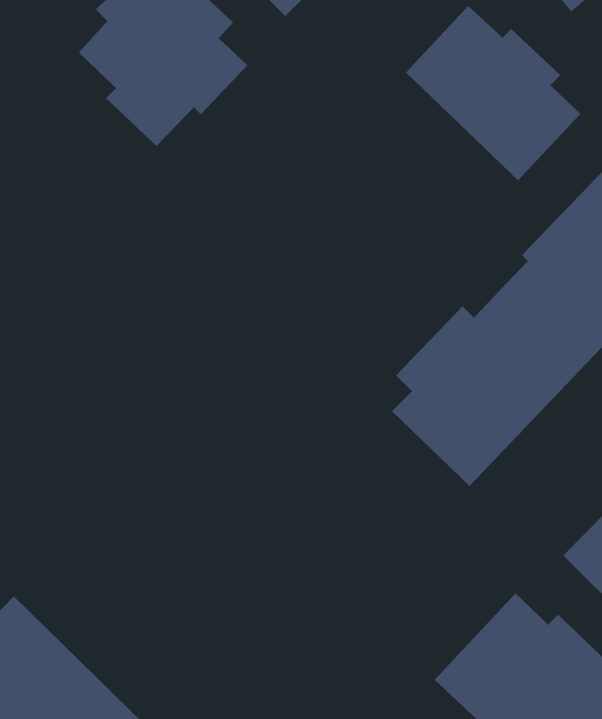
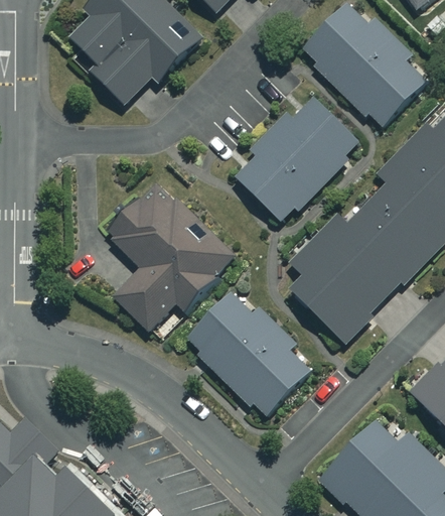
building: none -> [233,98,361,224]
building: none -> [106,183,236,330]
building: none -> [184,292,310,417]

